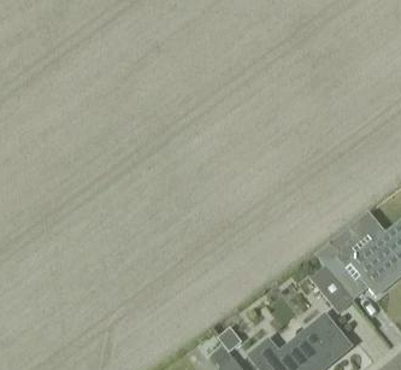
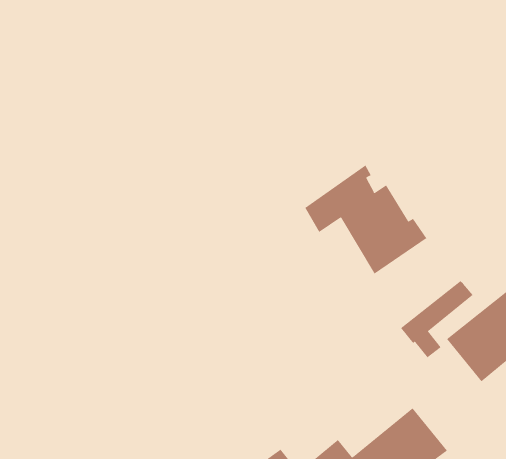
building: none -> [304,165,427,275]
building: [309,264,353,311] -> none

